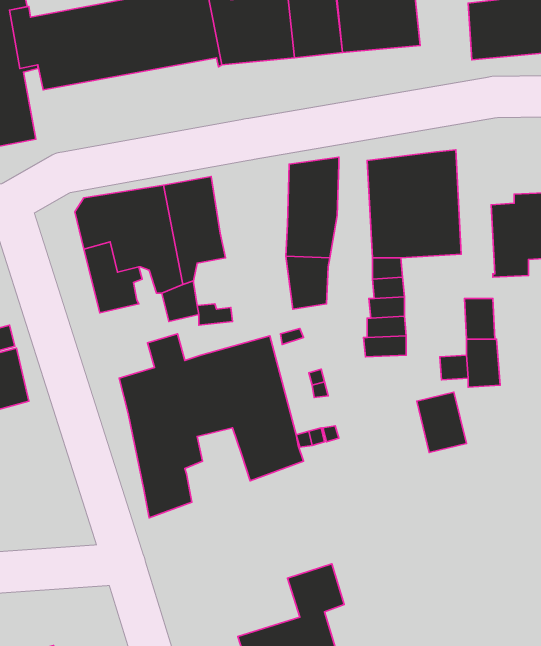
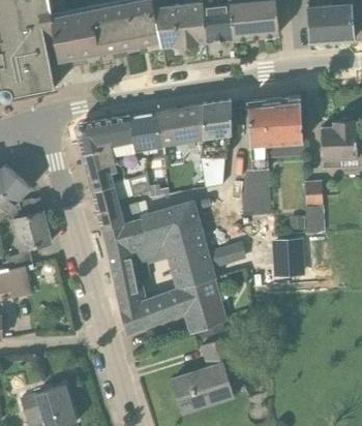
building: none -> [157,103,203,144]
building: none -> [92,185,124,229]
building: none -> [120,277,222,333]

